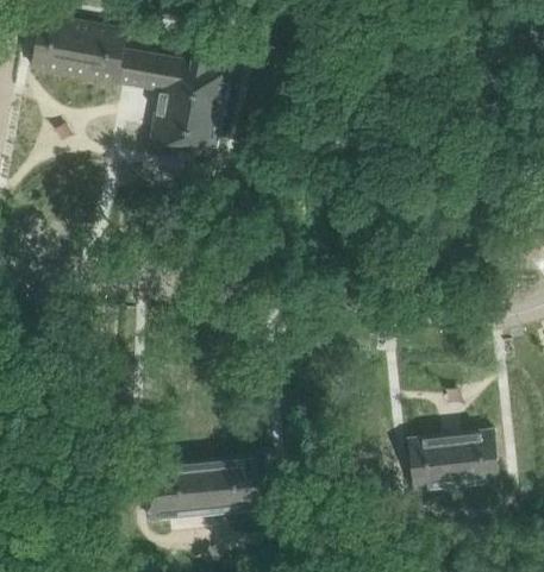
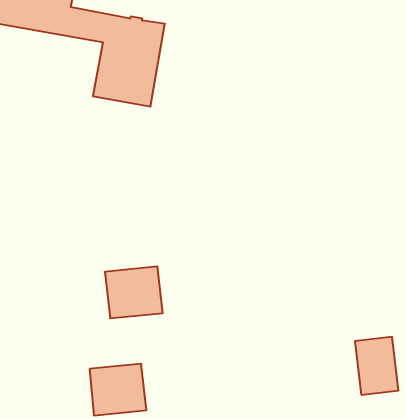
building: [407,433,457,499] -> none
building: [204,453,270,513] -> [105,267,163,318]

